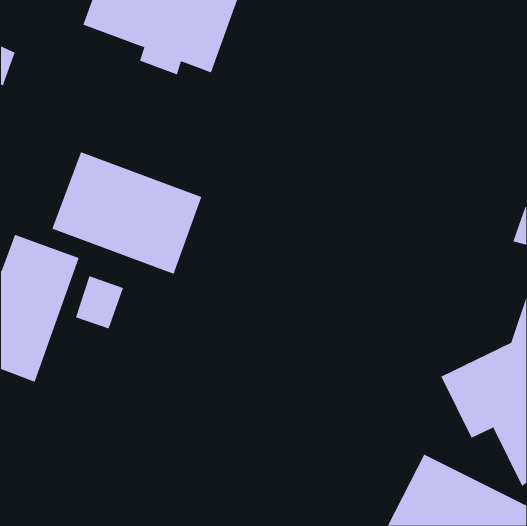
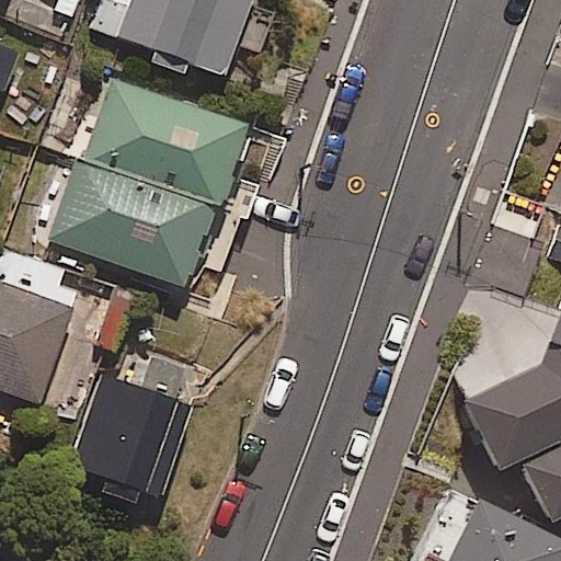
building: none -> [85,82,244,209]
building: none -> [70,357,193,502]

